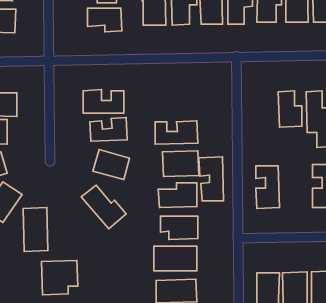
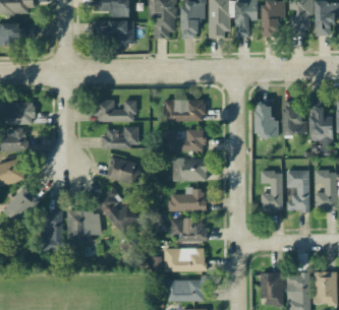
building: none -> [164,100,205,122]
building: none -> [256,105,278,138]
building: [199,157,223,201] -> [286,170,309,211]
building: [41,261,78,295] -> [66,210,101,243]

